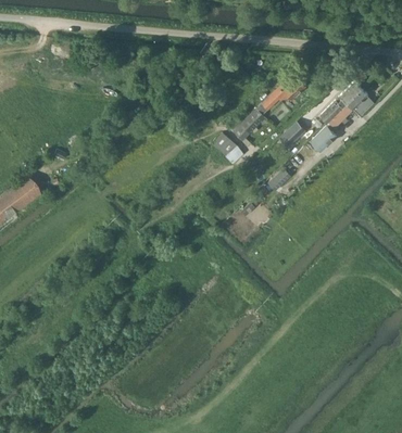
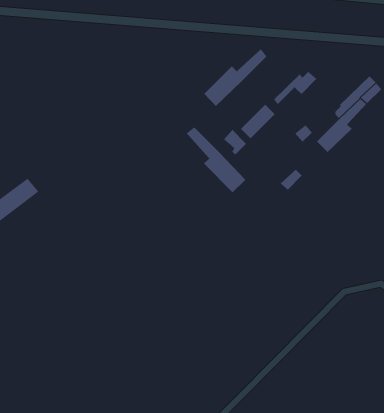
building: none -> [204,49,267,107]
building: none -> [186,127,246,193]

